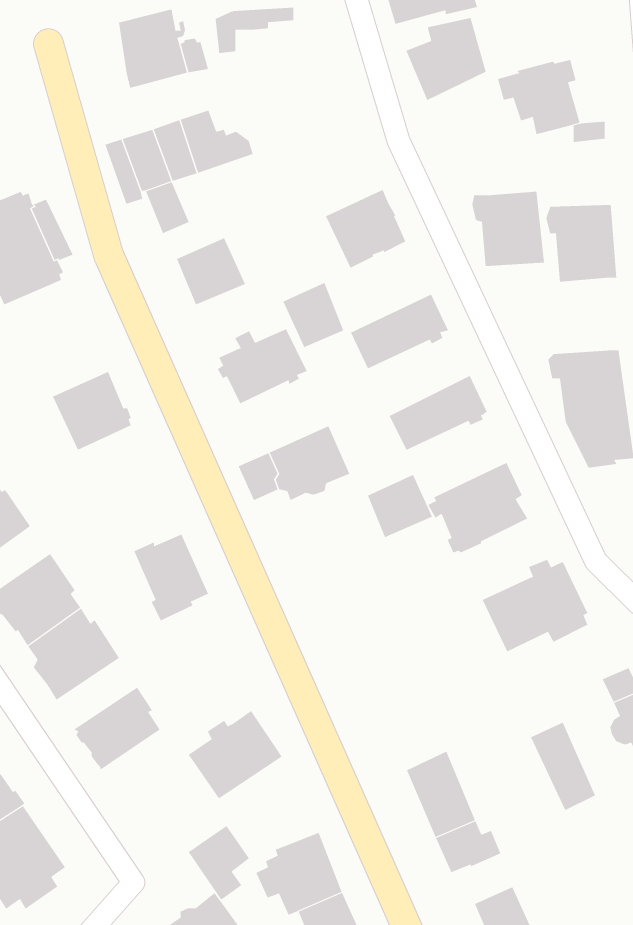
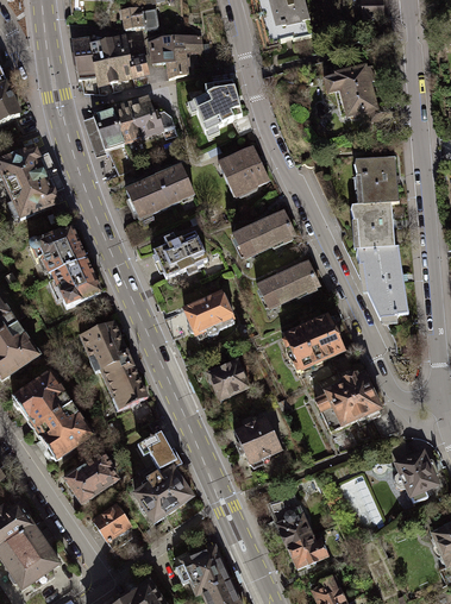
building: none -> [71,36,95,78]
building: [405,18,487,101] -> [192,81,242,132]
building: none -> [163,48,188,77]
building: [471,191,545,267] -> [350,201,395,247]
building: [282,282,344,348] -> [156,164,194,205]
building: none -> [29,226,84,275]
building: none -> [79,320,130,372]
building: [367,474,433,538] -> [208,359,249,398]
building: none -> [233,416,283,467]
building: none -> [137,430,182,474]
building: [188,825,250,901] -> [92,503,130,549]

